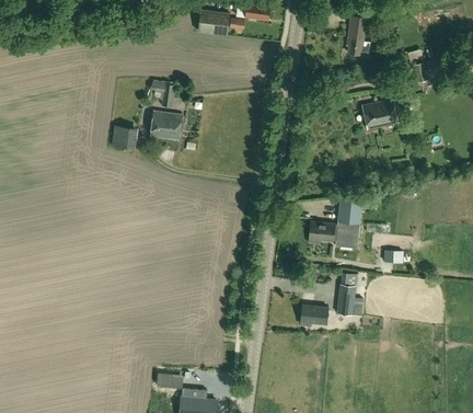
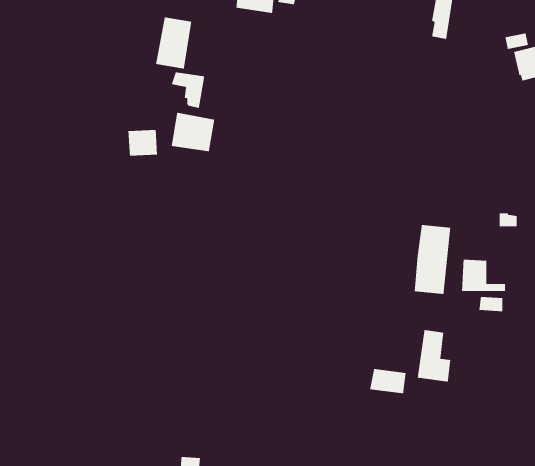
building: none -> [155,16,192,70]
building: [362,100,397,129] -> none
building: [309,222,334,245] -> none

